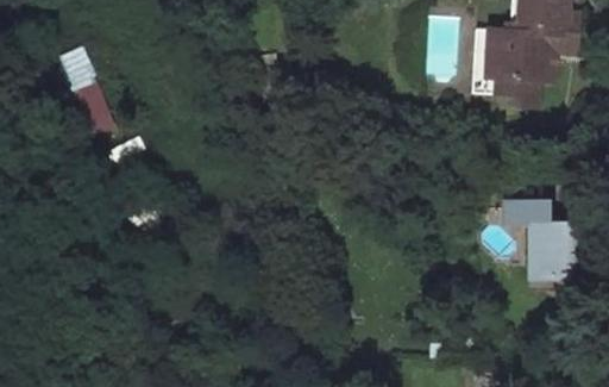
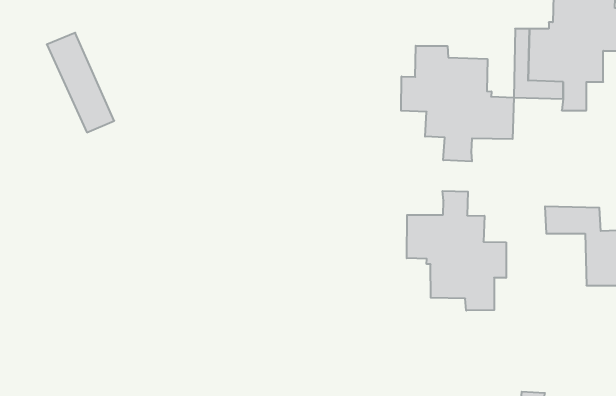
building: none -> [401,46,514,161]
building: none -> [407,191,506,311]

